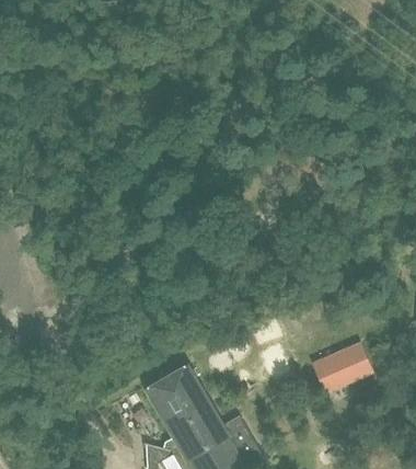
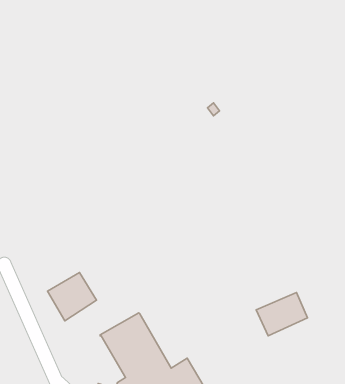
building: none -> [48,272,96,321]

